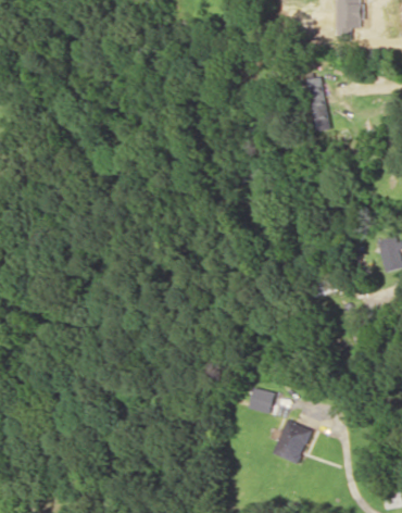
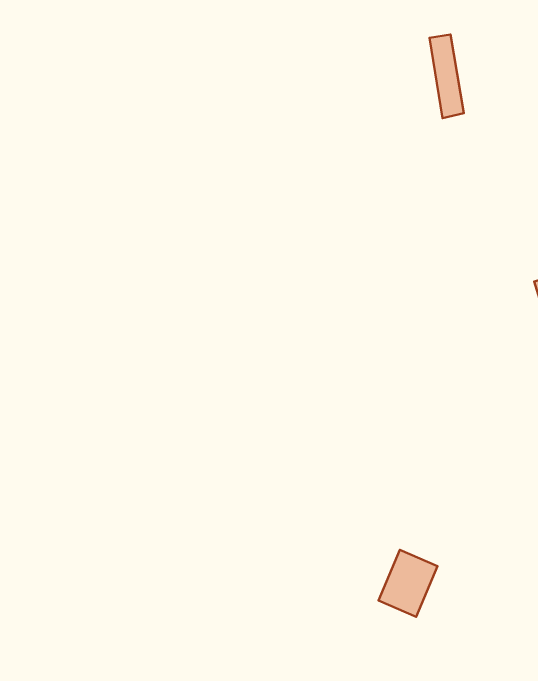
building: [248,388,273,413] -> none

